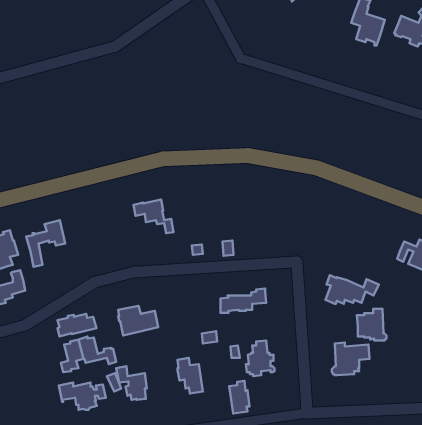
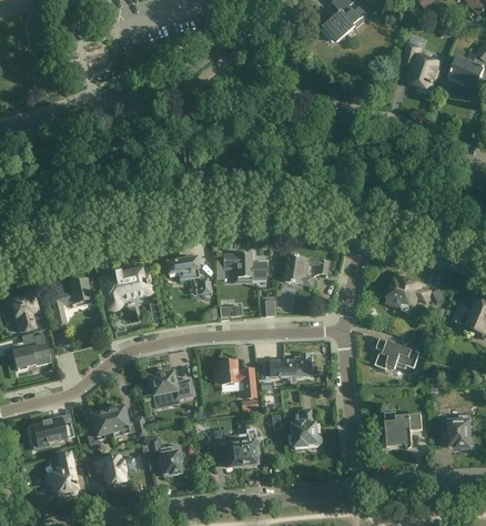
building: none -> [284,251,328,284]
building: none -> [222,252,265,279]
building: none -> [98,266,152,307]
building: none -> [385,274,429,312]
building: none -> [213,358,254,397]
building: [357,309,386,341] -> [441,414,473,448]
building: [58,314,96,336] -> [31,419,73,444]
building: [229,381,249,414] -> [236,428,259,464]
building: none -> [47,453,77,494]

